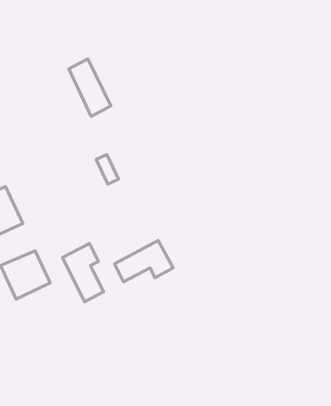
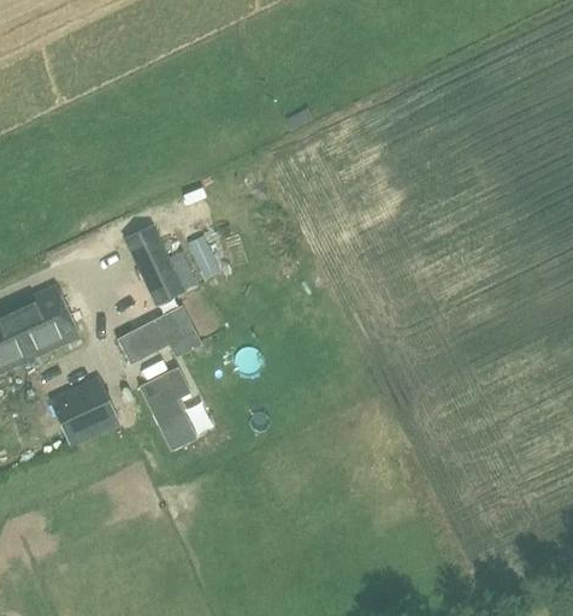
building: [69,59,111,117] -> [124,223,185,307]
building: [115,241,173,282] -> [117,304,202,365]

